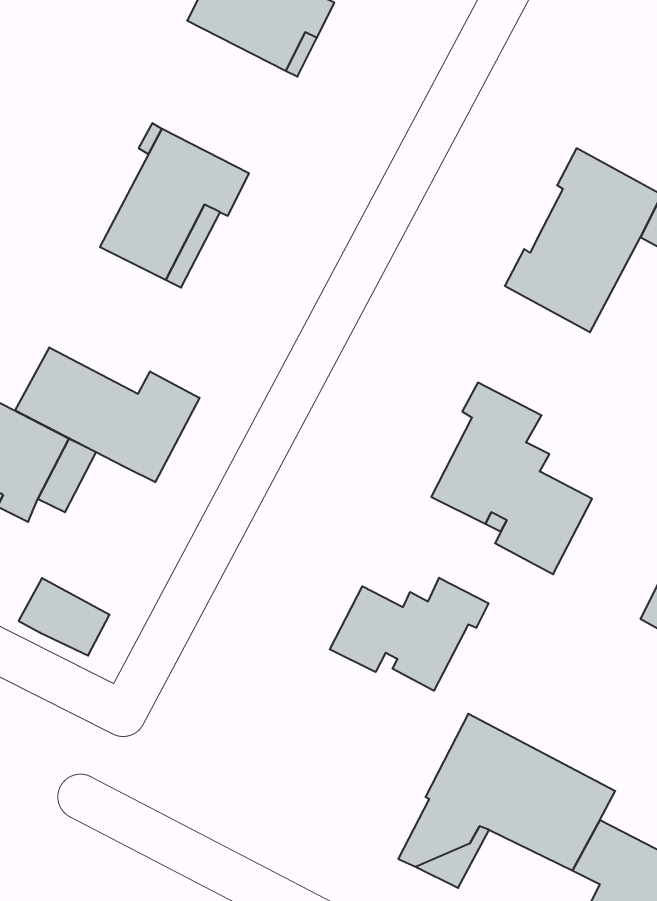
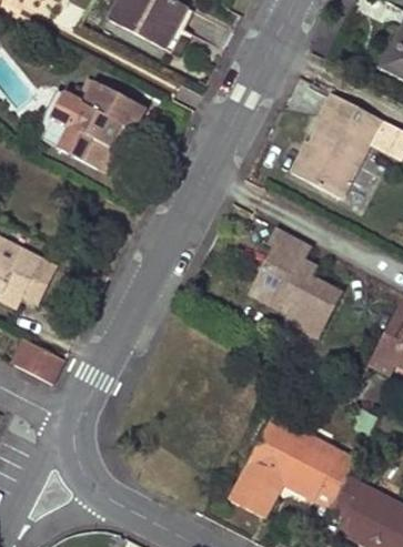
building: [15,347,200,482] -> none
building: [330,578,489,691] -> none

